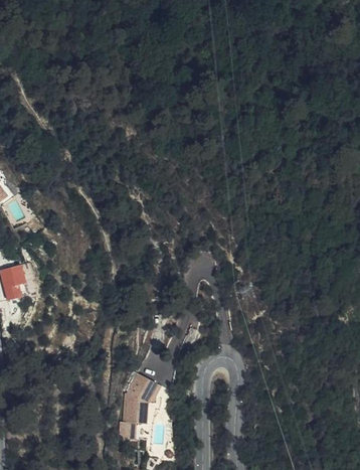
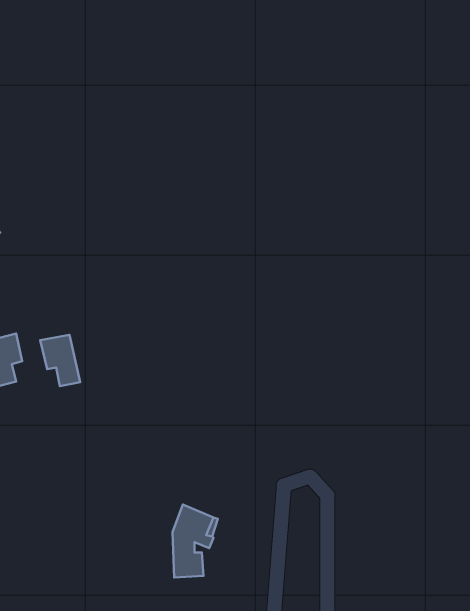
building: none -> [40,335,80,386]

